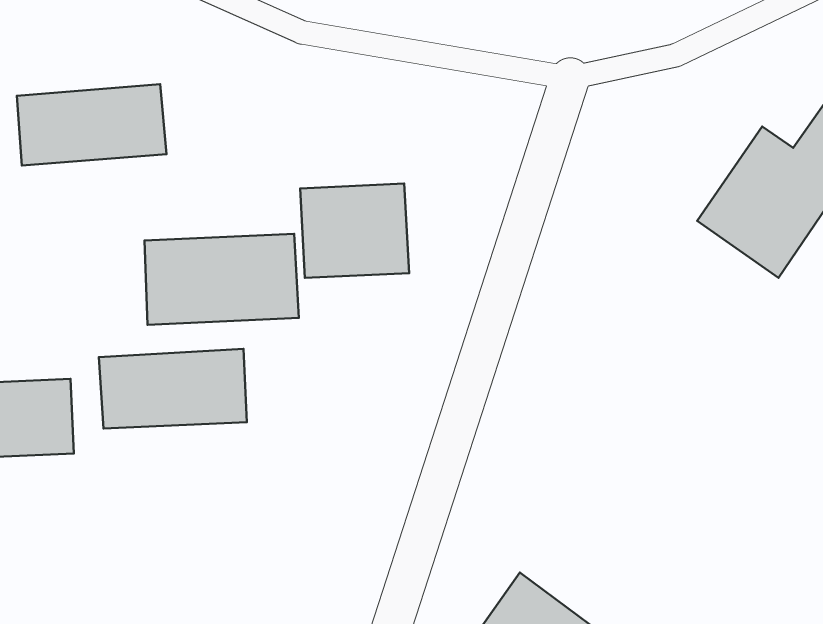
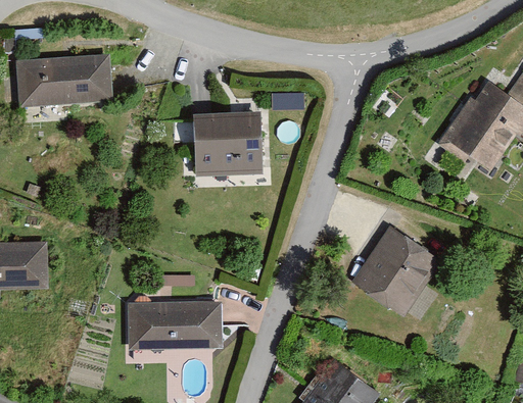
building: [145,234,299,325] -> none
building: none -> [350,221,440,313]
building: [99,349,247,429] -> [128,299,221,349]

